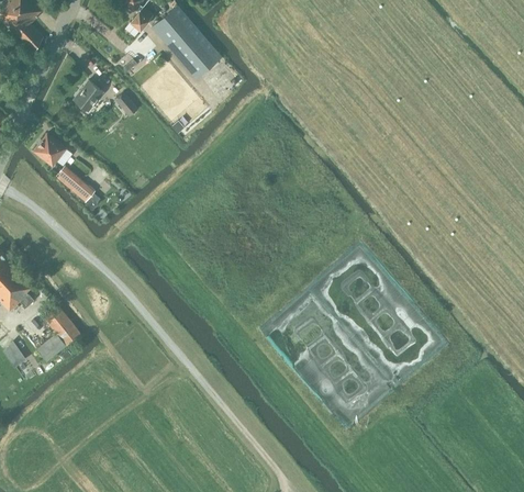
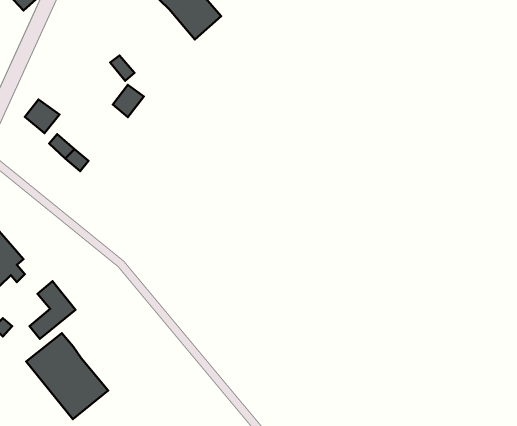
building: [75,81,104,112] -> [113,85,144,117]
building: none -> [26,333,108,419]

